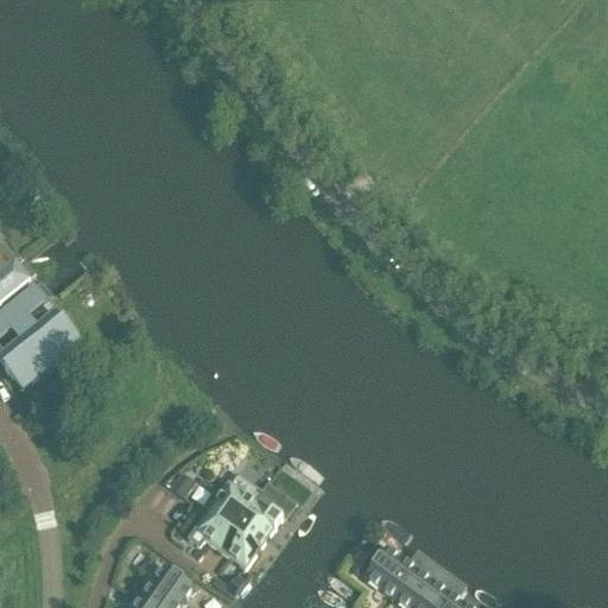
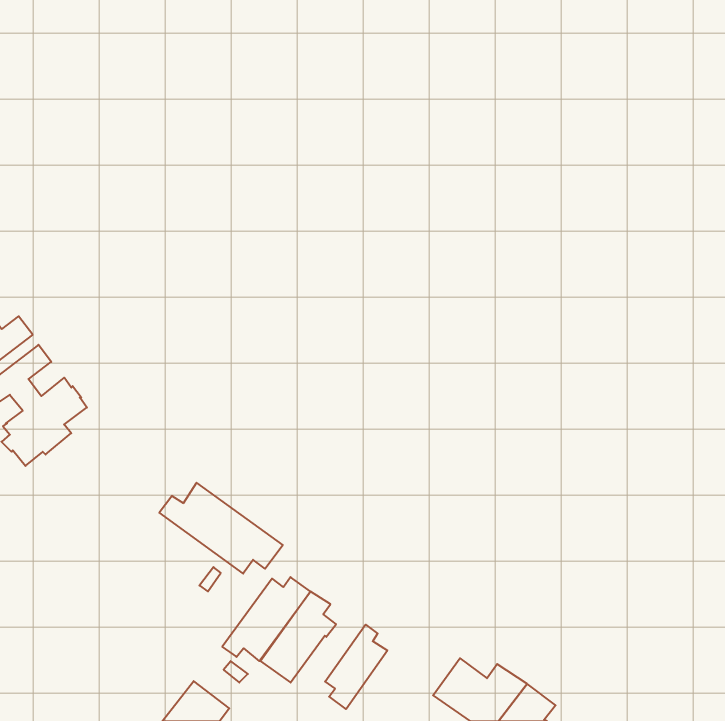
building: none -> [159,483,283,574]
building: none -> [325,625,387,709]

